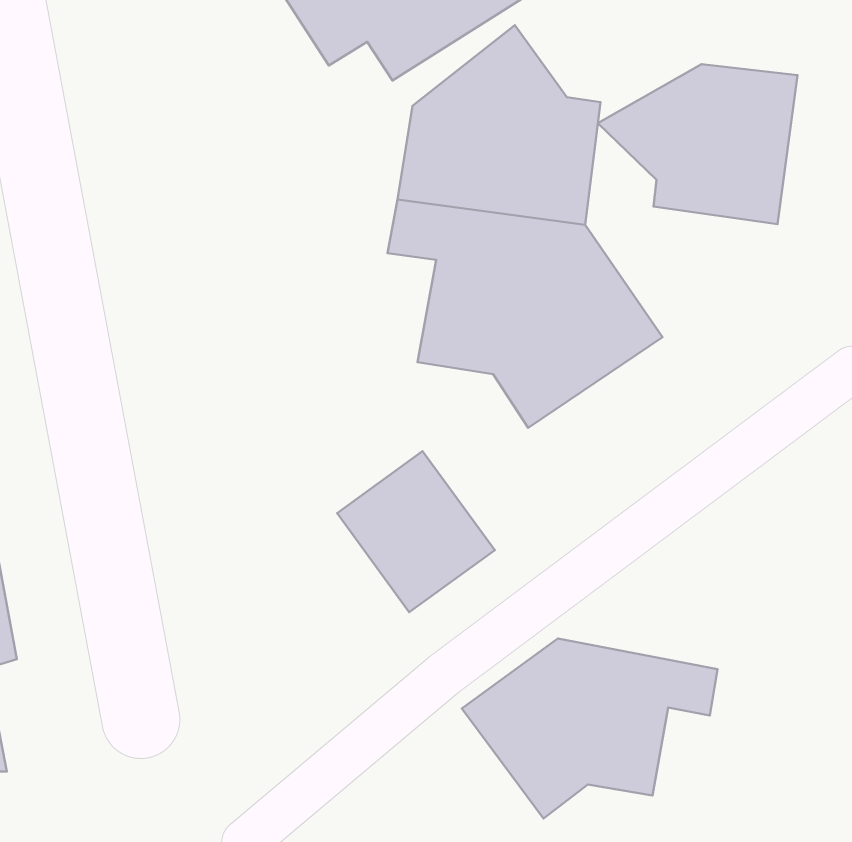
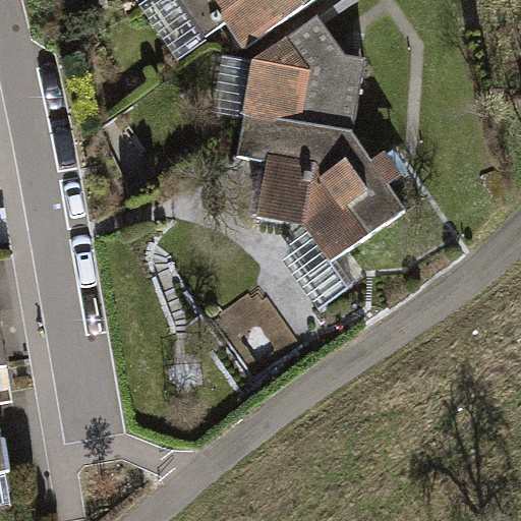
building: [598,64,798,224] -> none
building: [462,638,718,818] -> none

